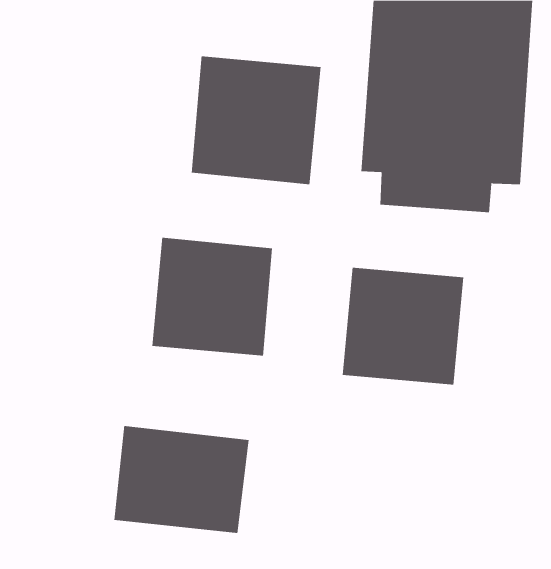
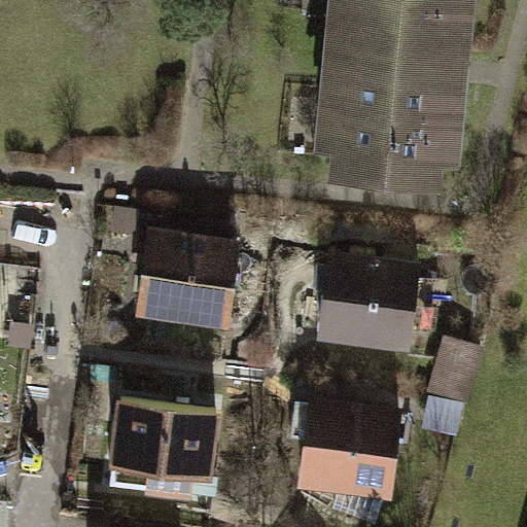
building: [191,55,321,185] -> none
building: none -> [302,396,415,505]

